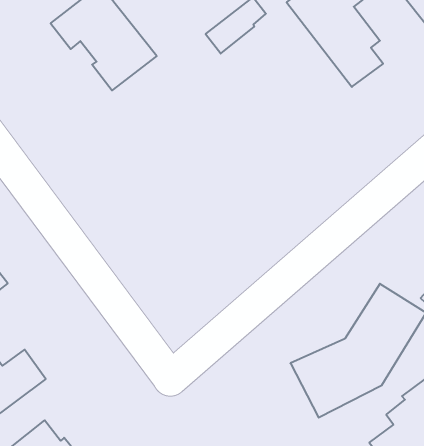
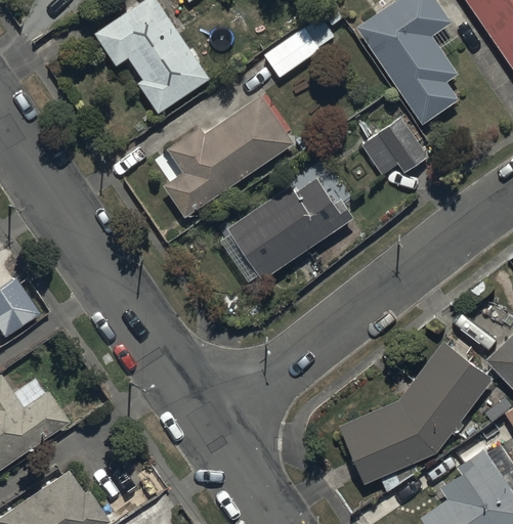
building: none -> [164,94,294,218]
building: none -> [360,118,429,176]
building: none -> [228,178,354,279]

